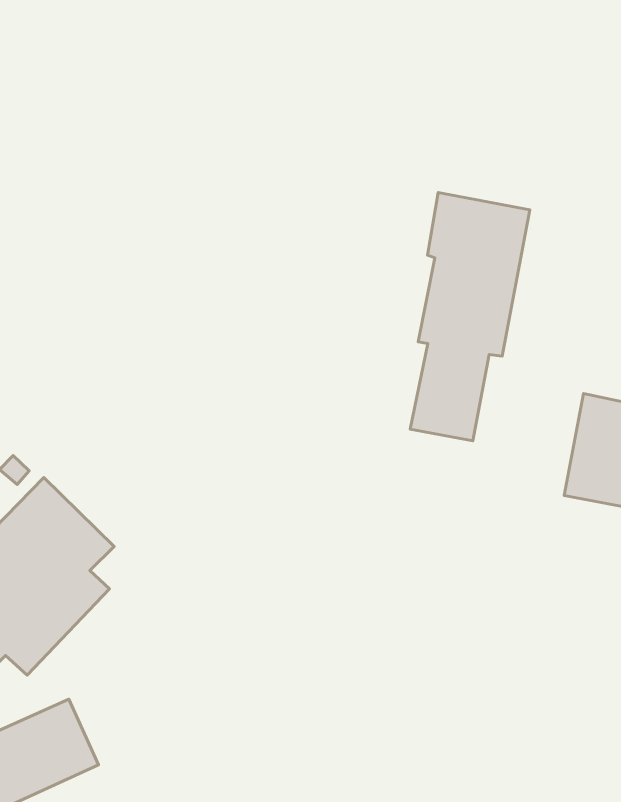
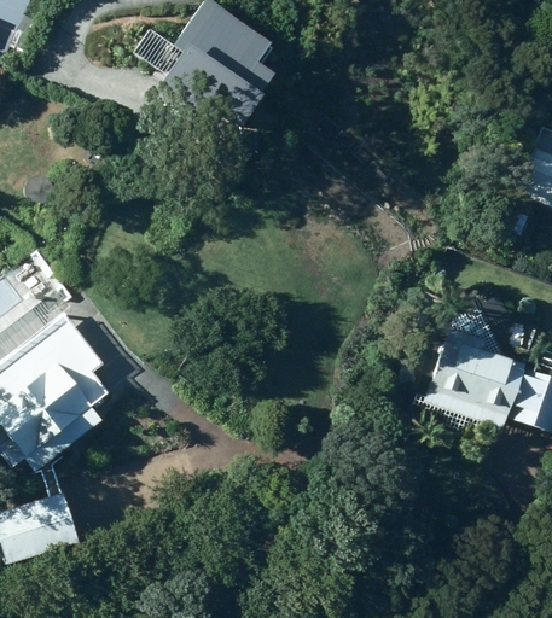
building: none -> [169,24,275,126]
building: [410,192,530,441] -> none

